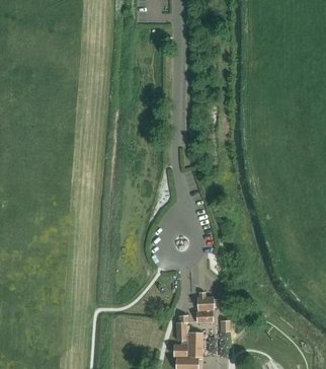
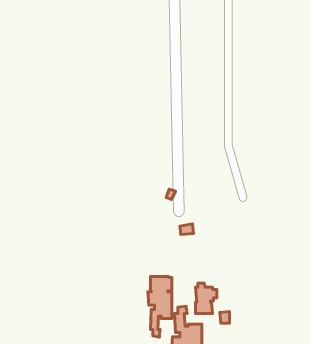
building: none -> [148,277,172,337]

